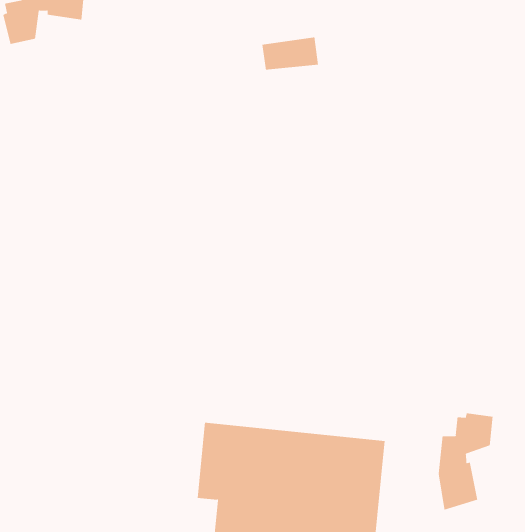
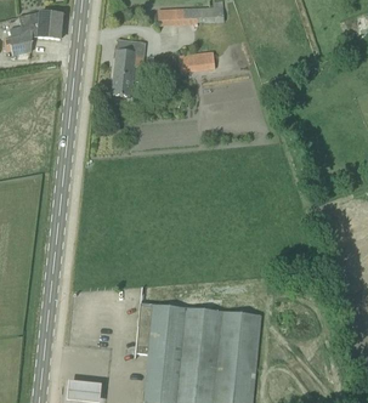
building: none -> [112,39,147,95]
building: [438,413,493,510] -> none

